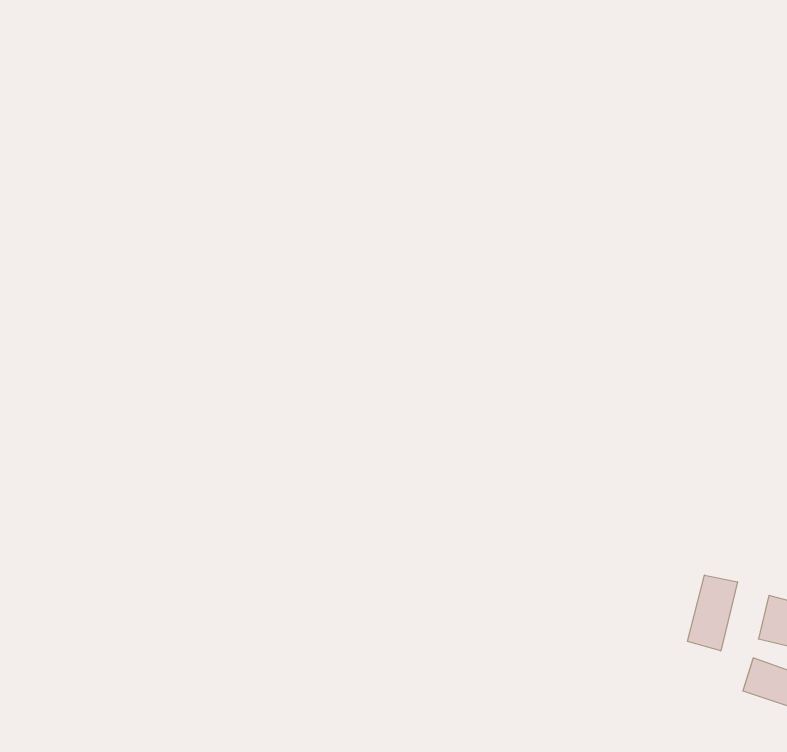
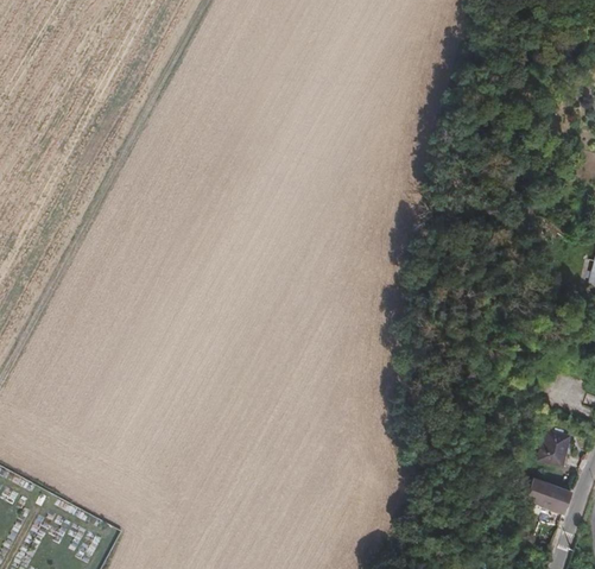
building: [688,575,737,651] -> none

